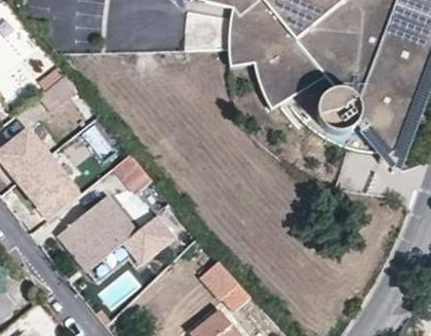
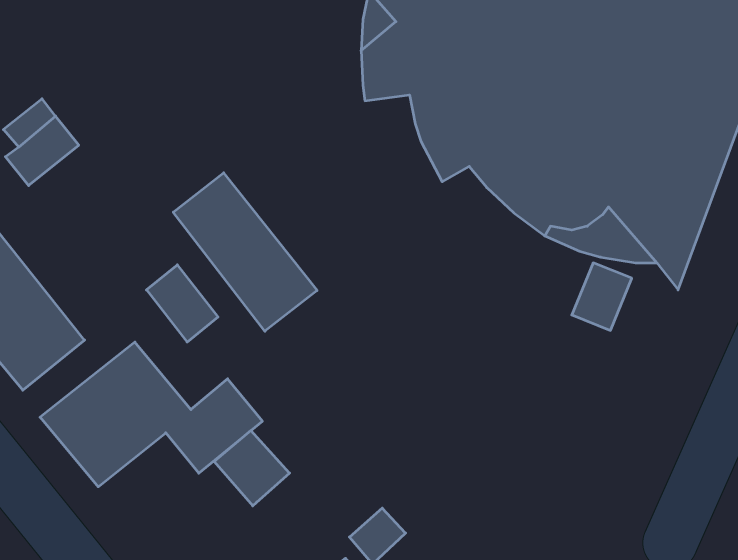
building: none -> [173,173,317,331]
building: [199,260,239,300] -> [214,431,290,506]

